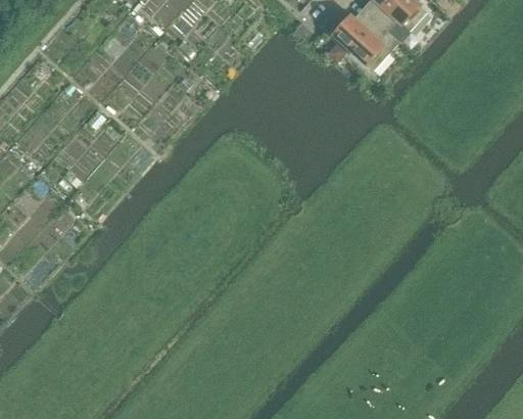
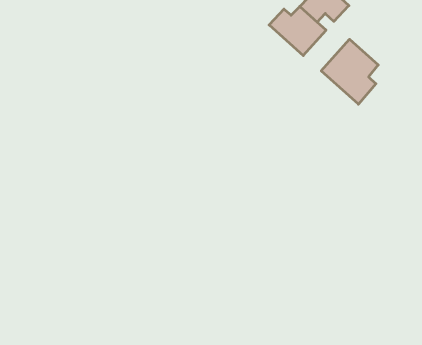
building: none -> [321,39,378,104]

